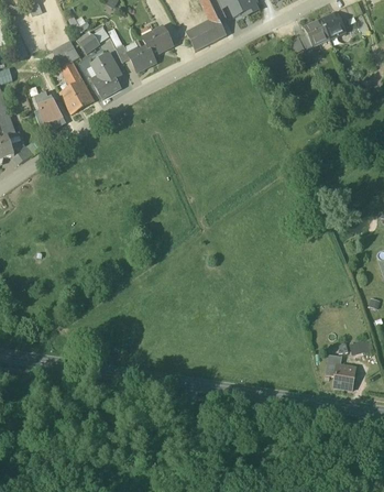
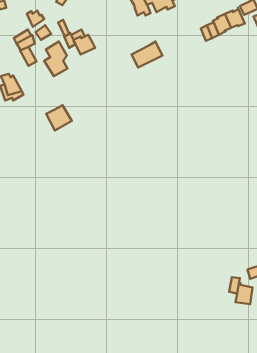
building: [186,18,226,51] -> [131,42,162,68]
building: [142,26,172,56] -> none
building: [59,80,92,112] -> [46,105,72,130]

